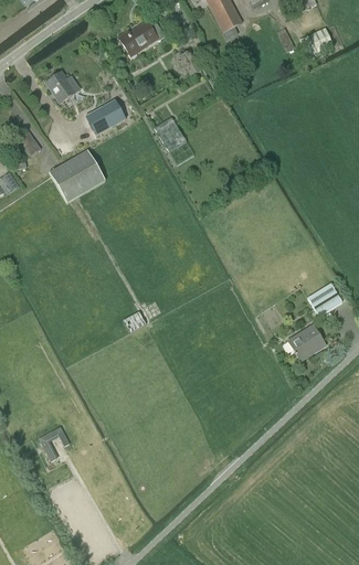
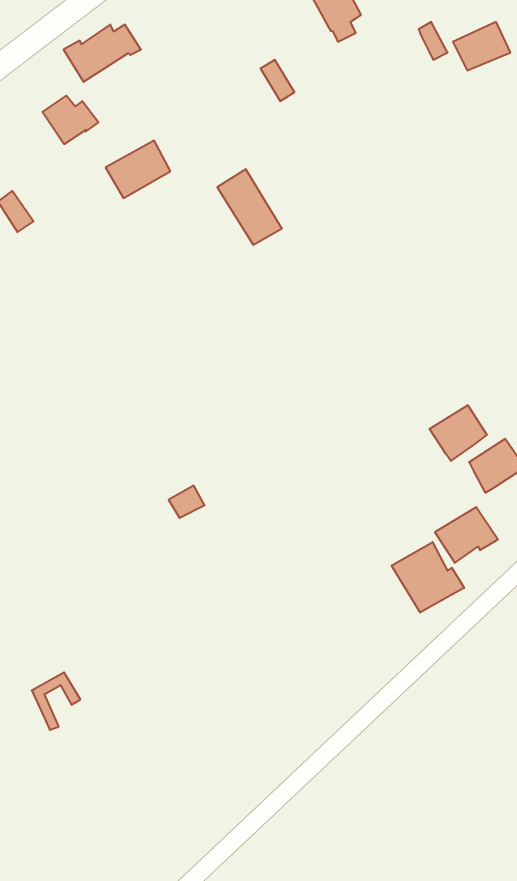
building: [118,21,166,56] -> [64,24,141,82]
building: [49,149,105,202] -> none
building: none -> [430,405,487,461]
building: none -> [392,542,464,613]

